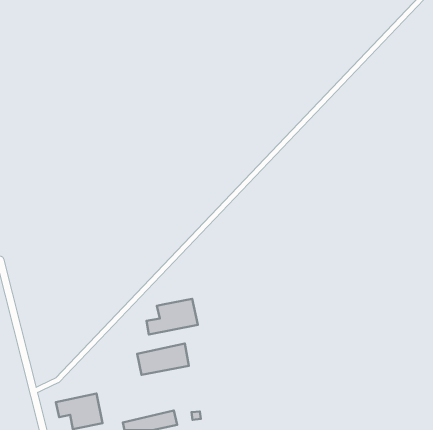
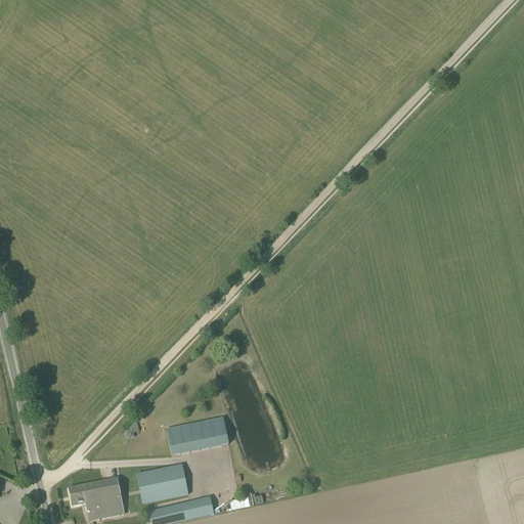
building: [146,299,198,334] -> none
building: none -> [136,463,187,503]

